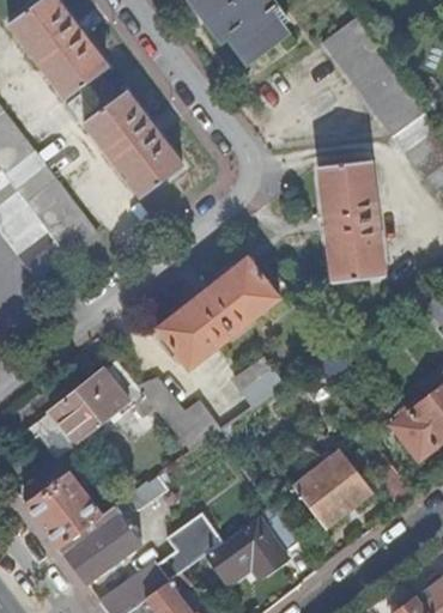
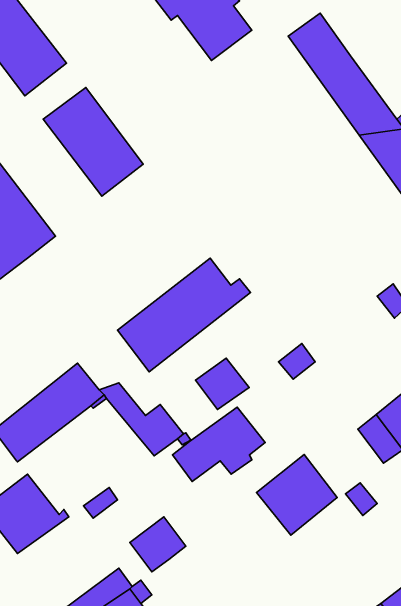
building: [317,160,382,280] -> none
building: [59,506,142,583] -> none
building: [207,506,298,579] -> [173,407,265,482]

